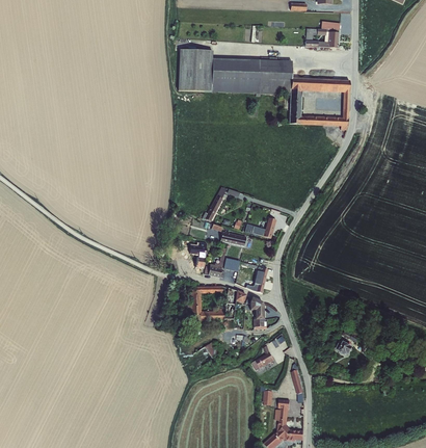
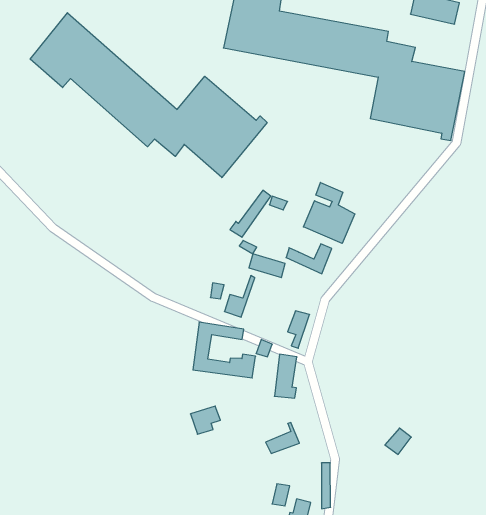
building: none -> [30,13,267,178]
building: none -> [303,182,355,243]

